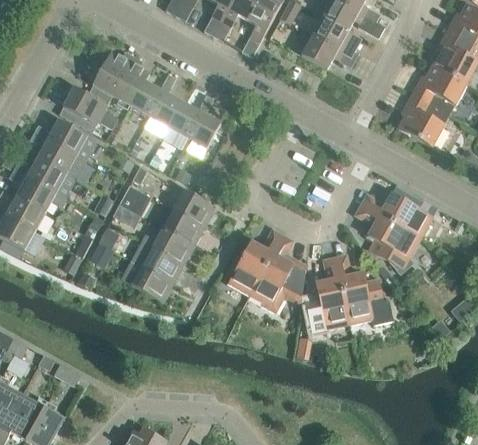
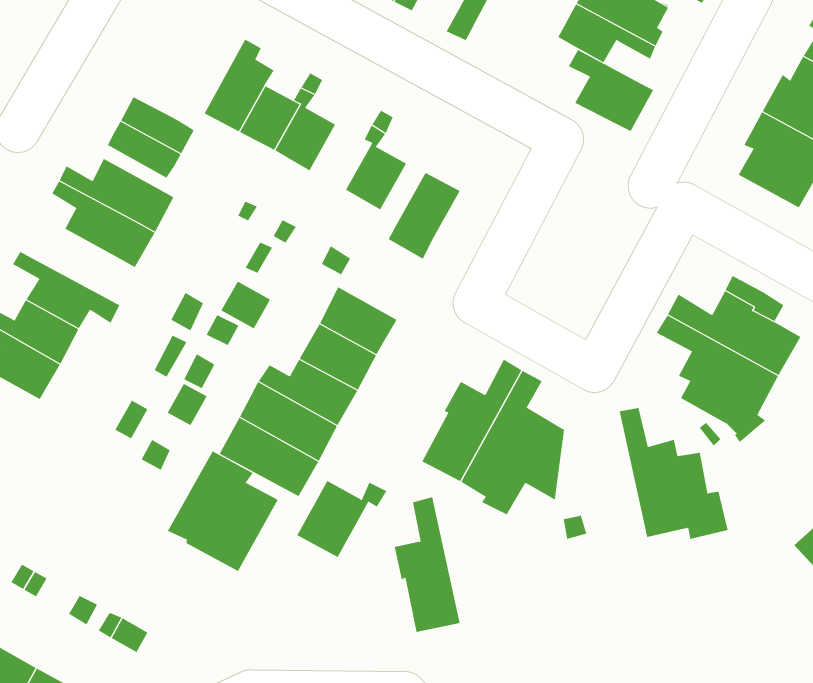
building: [90,51,134,105] -> none
building: none -> [568,49,654,132]
building: [163,102,202,149] -> [388,172,460,260]
building: [13,158,75,198] -> none
building: [314,256,350,329] -> [394,497,461,632]
building: none -> [167,450,279,572]
building: none -> [296,480,387,558]

